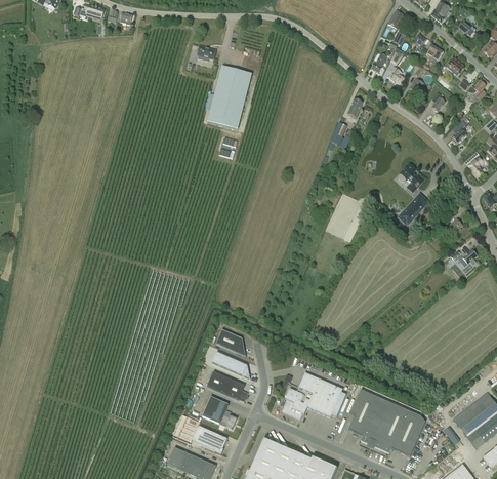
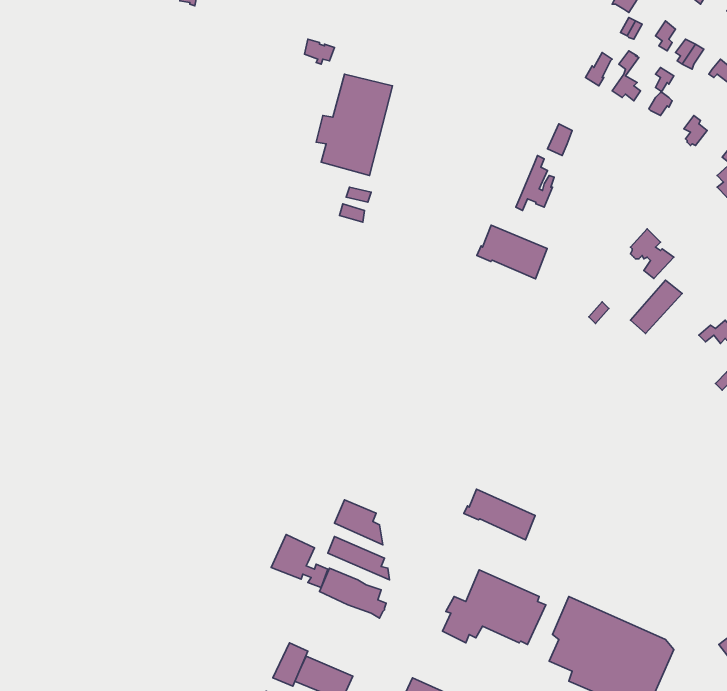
building: none -> [477,225,547,279]
building: none -> [464,489,535,540]
building: [202,395,237,428] -> [271,534,328,588]

